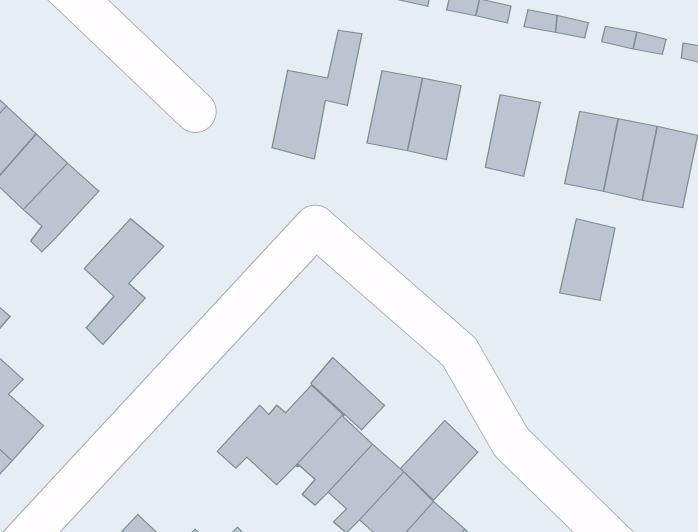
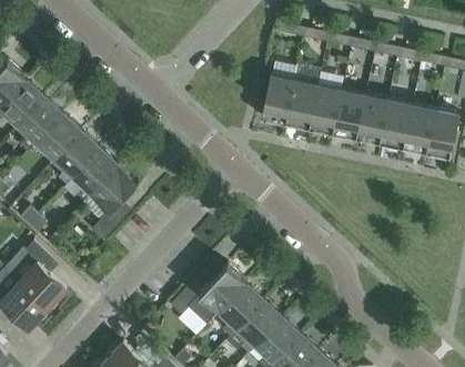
building: [272,30,362,159] -> none
building: none -> [309,84,341,133]
building: none -> [73,147,119,202]
building: [560,219,615,300] -> [355,94,388,143]
building: [311,358,385,430] -> none
building: [401,421,478,500] -> none

